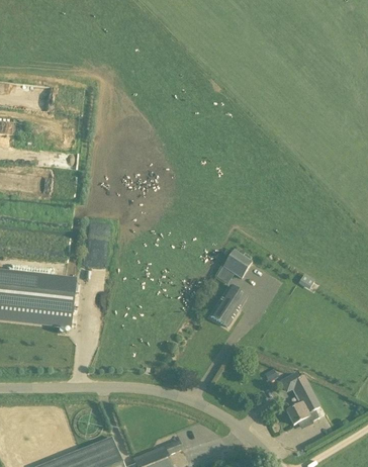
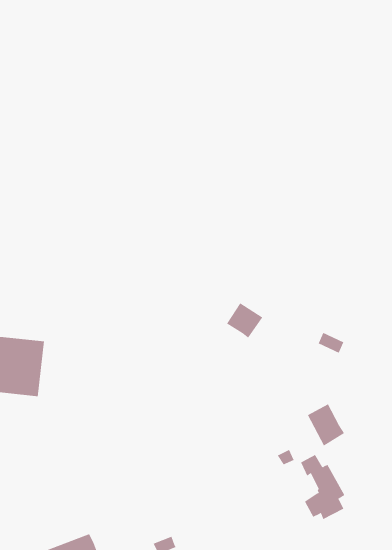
building: [210,285,247,325] -> none
building: none -> [307,403,345,447]

